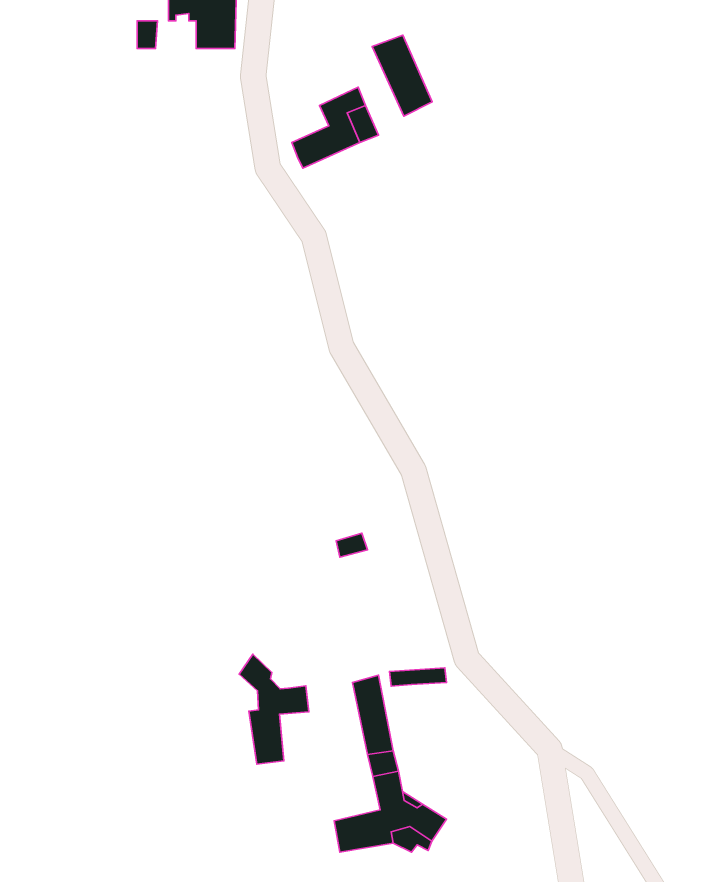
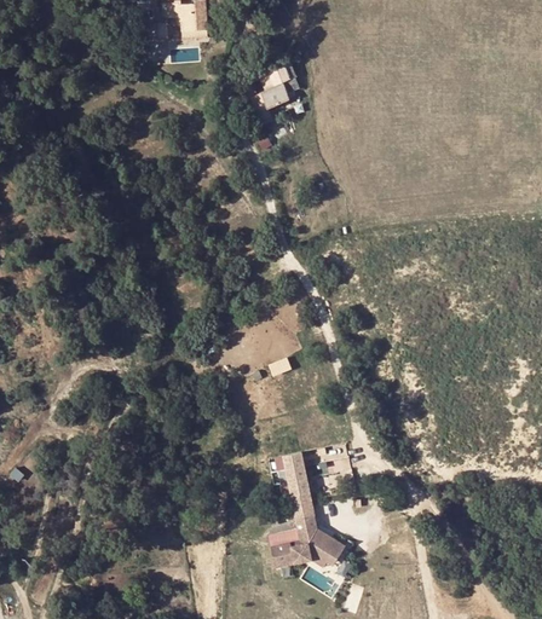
building: [372,35,432,116] -> none
building: [239,654,309,764] -> none

